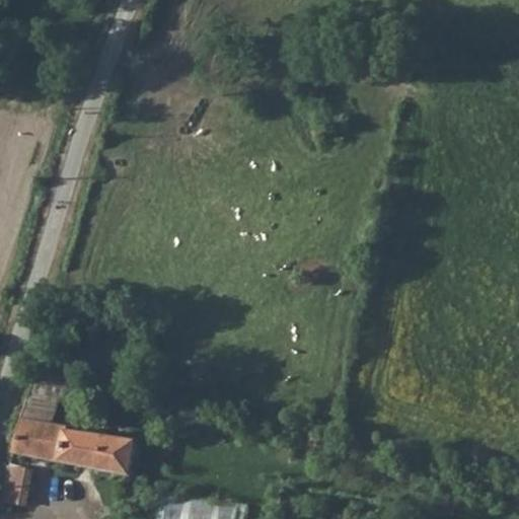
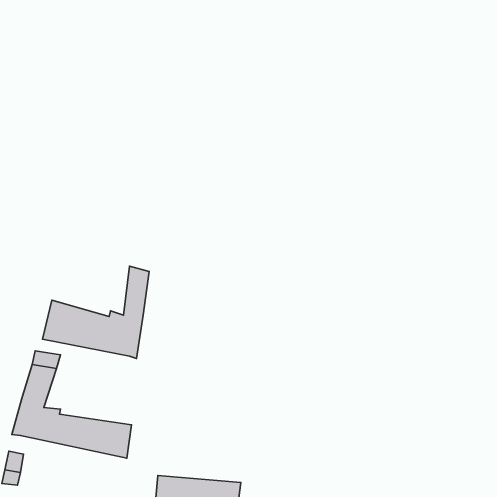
building: none -> [42,266,149,358]

